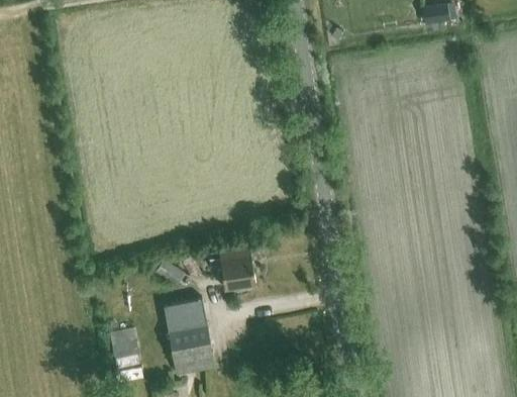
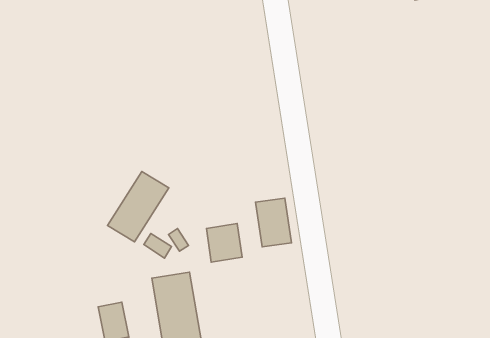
building: none -> [108,171,169,242]
building: none -> [256,198,291,247]

